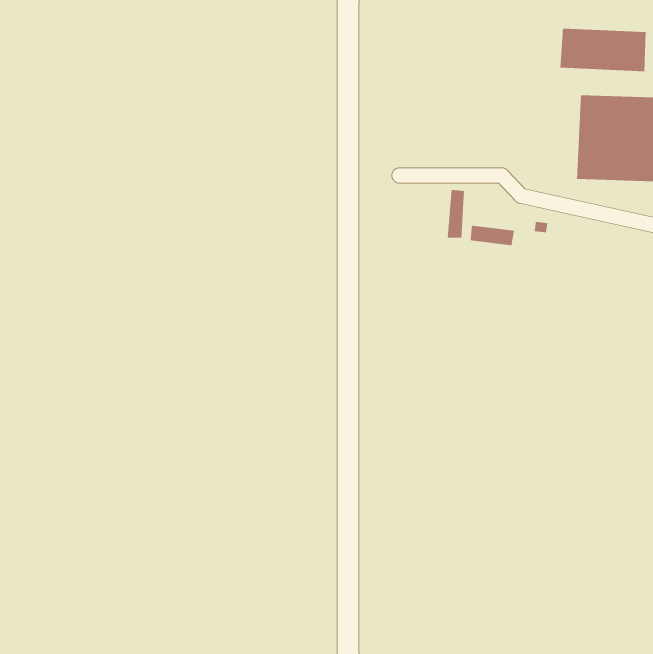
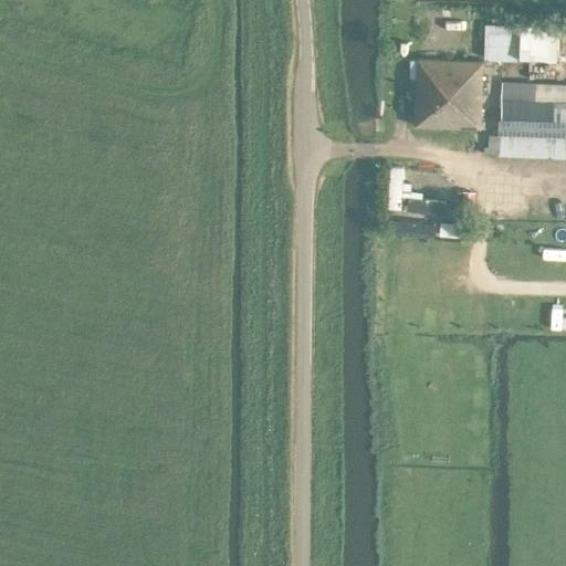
building: none -> [409,61,483,127]

